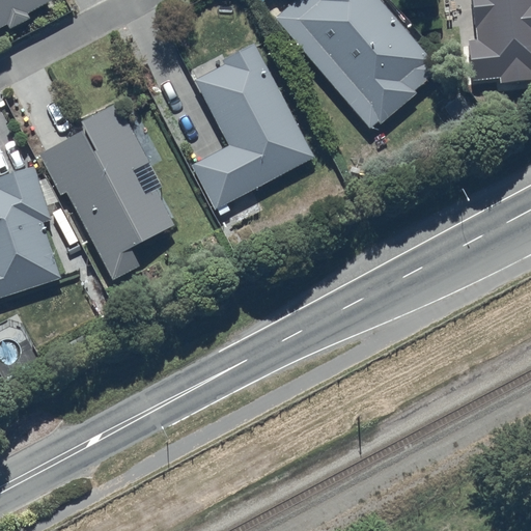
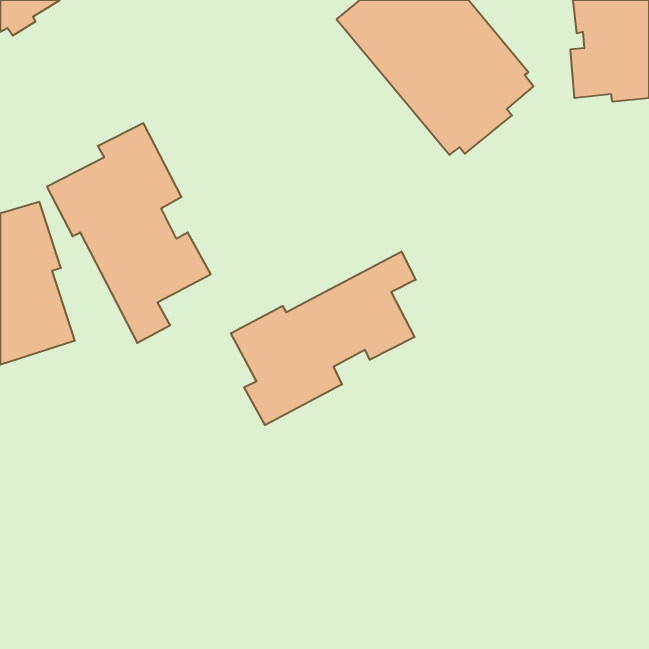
building: [191,40,314,207] -> none
building: none -> [231,251,416,425]

